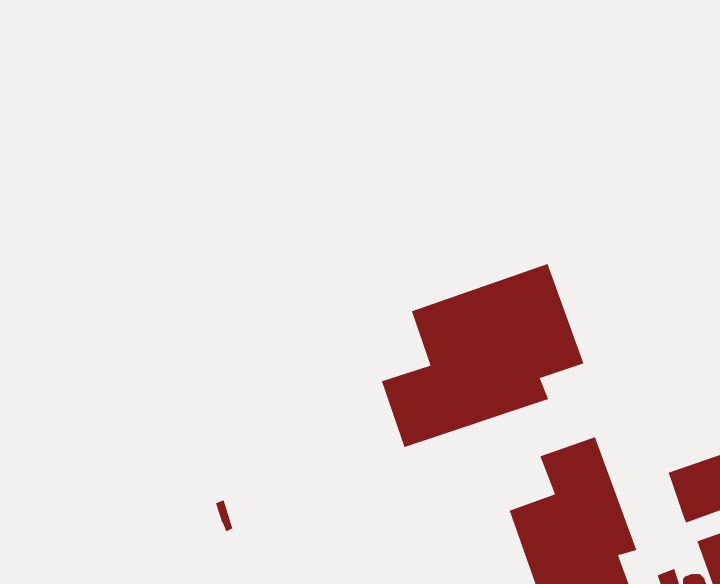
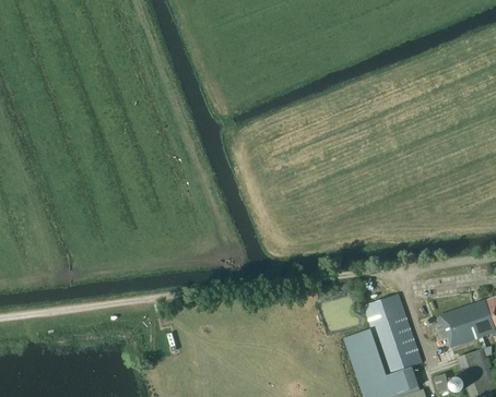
building: [381,263,584,448] -> none

